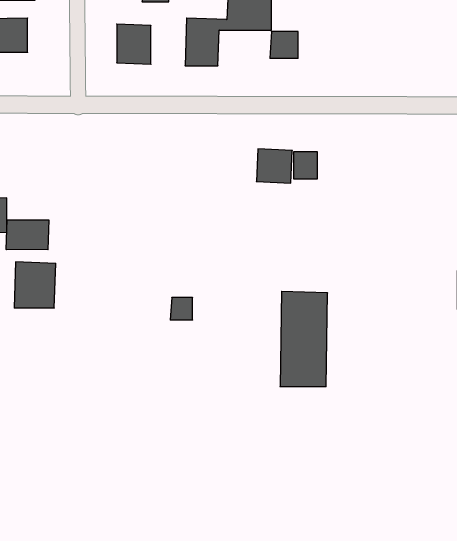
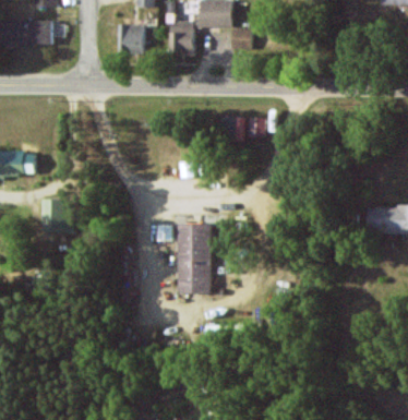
building: [6,220,49,250] -> none
building: [280,291,328,387] -> [177,224,212,293]

